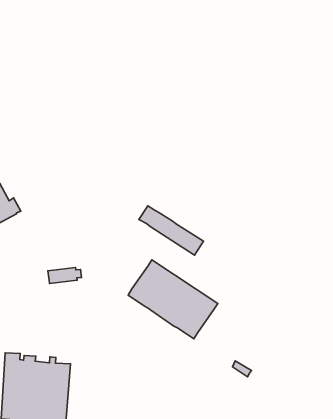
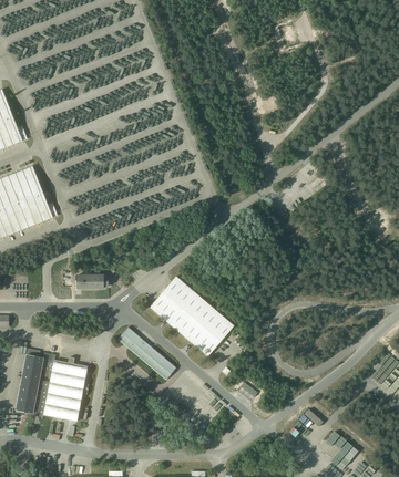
building: [139,206,203,255] -> [117,328,176,380]

